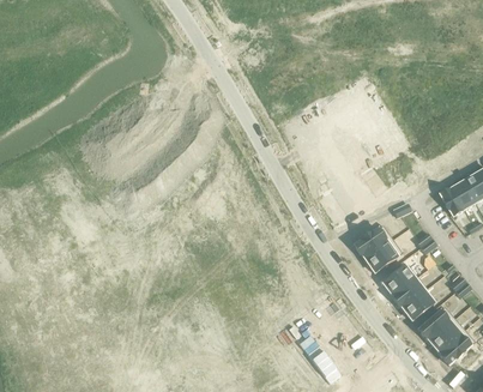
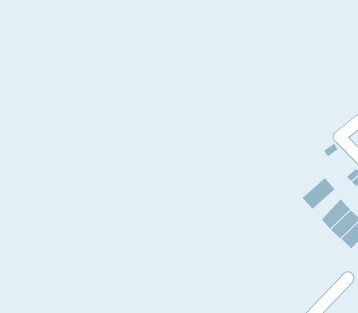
building: [355,225,393,259] -> none

